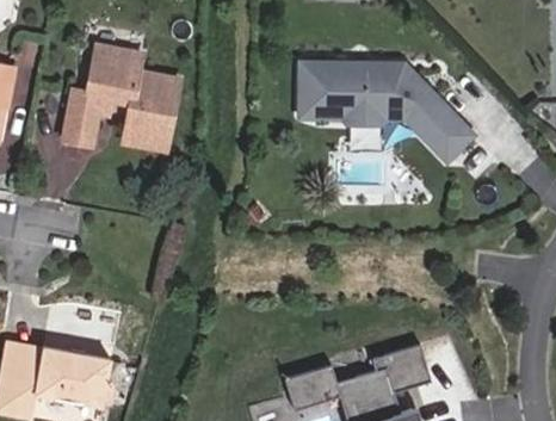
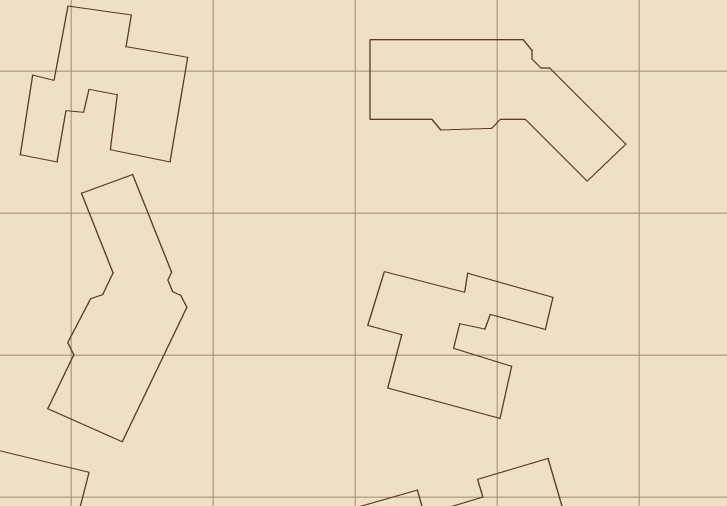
building: none -> [48,174,187,442]
building: none -> [368,272,553,419]

